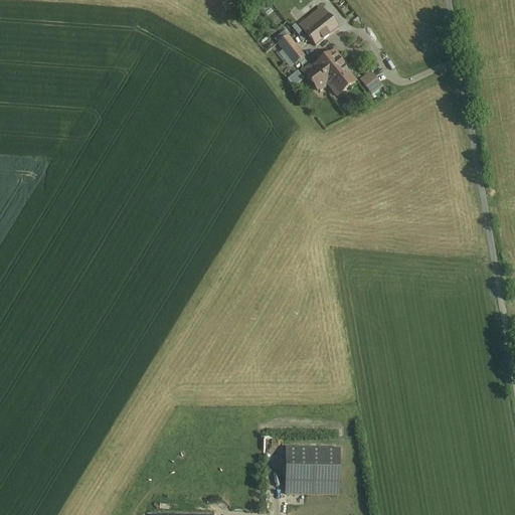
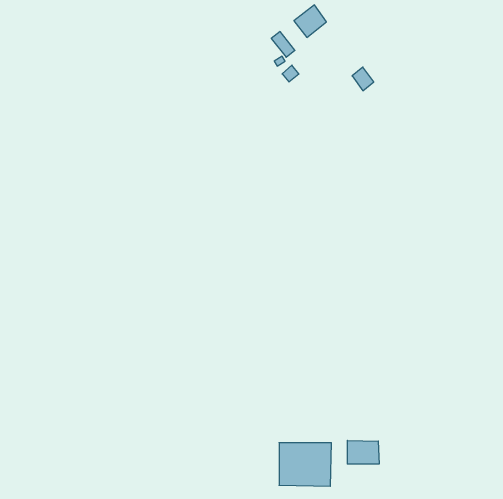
building: [306,47,355,94] -> none
building: none -> [347,440,379,464]

